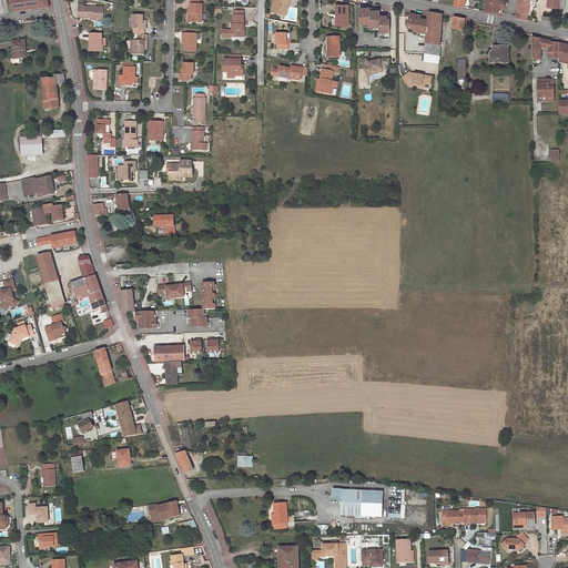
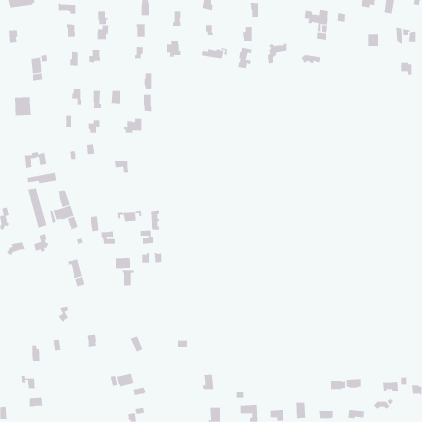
building: [359,7,388,34] -> none
building: [21,176,53,195] -> none
building: [115,400,141,436] -> none
building: [332,488,383,510] -> none

